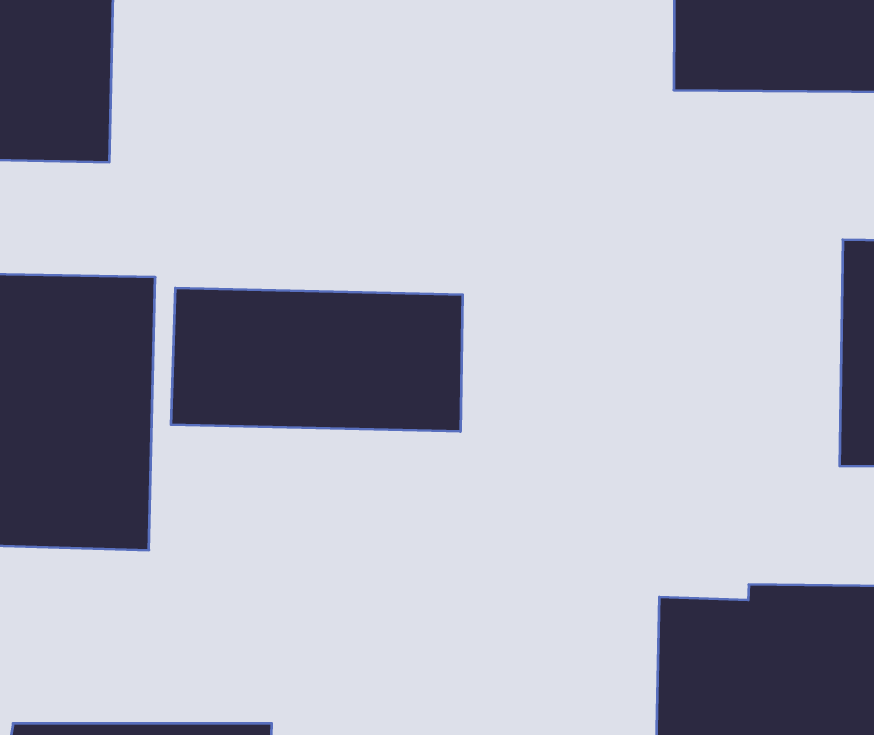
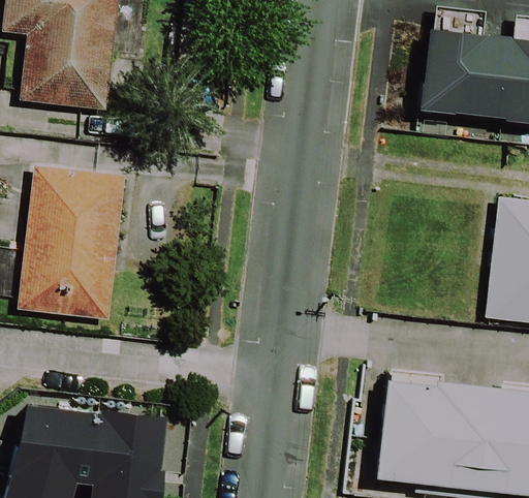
building: [171,288,463,432] -> none

